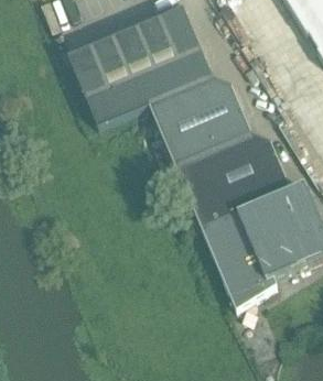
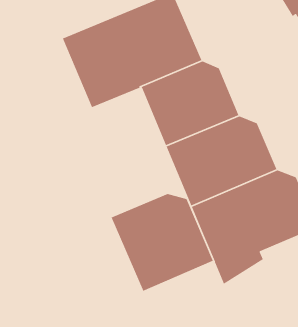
building: none -> [111,193,214,292]

